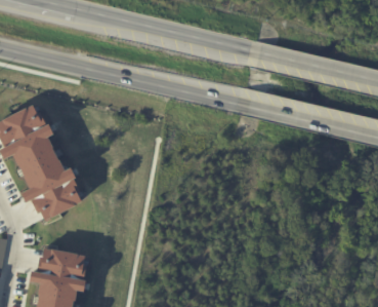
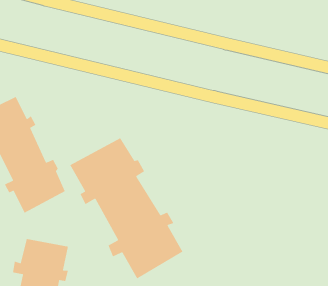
building: none -> [69,137,184,279]

